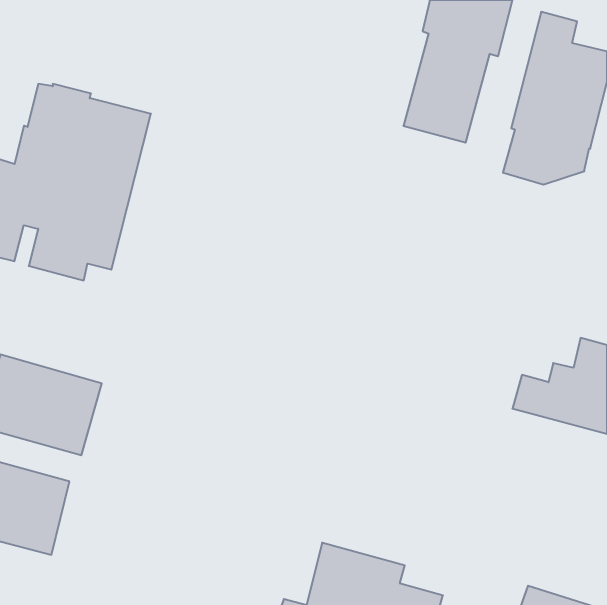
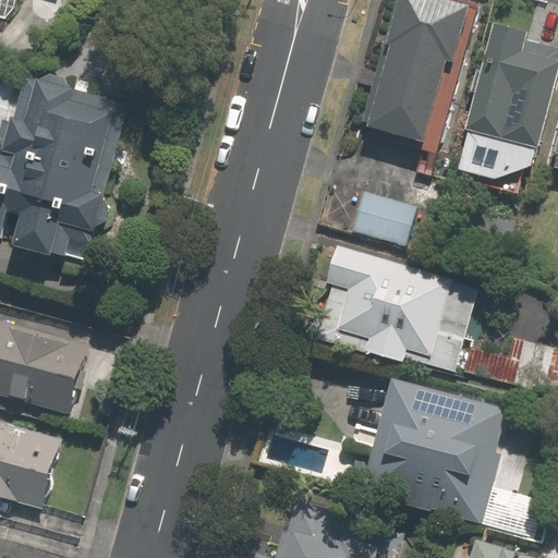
building: none -> [350,192,416,248]
building: none -> [315,242,477,372]
building: none -> [361,373,547,537]

